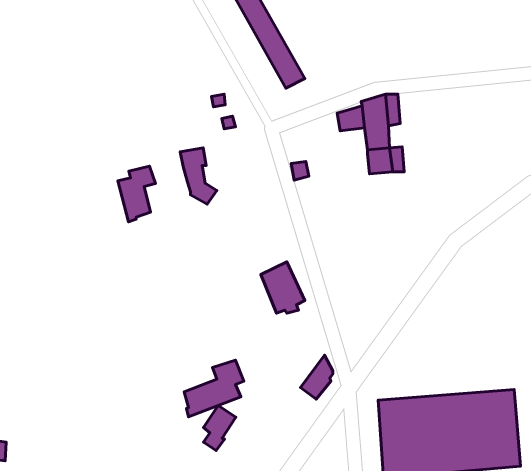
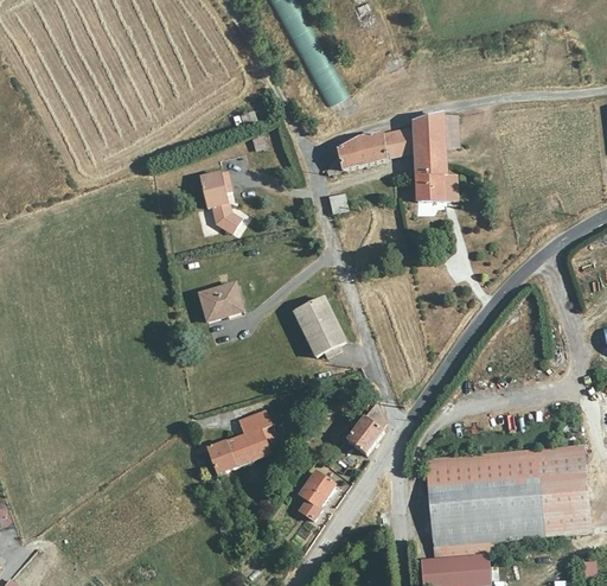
building: none -> [325,132,386,166]
building: [118,166,155,222] -> none
building: none -> [199,284,241,319]
building: [203,406,236,451] -> [293,474,330,526]

